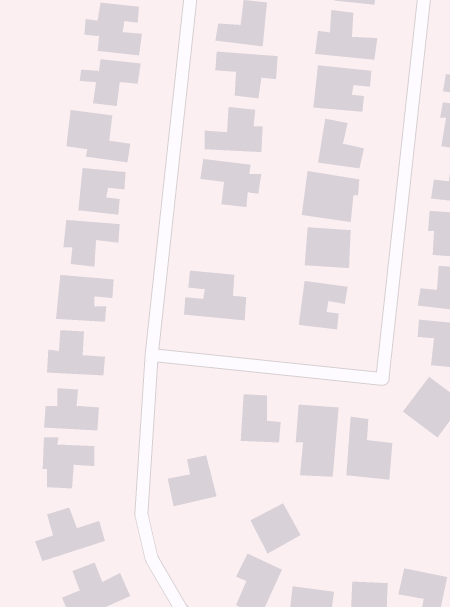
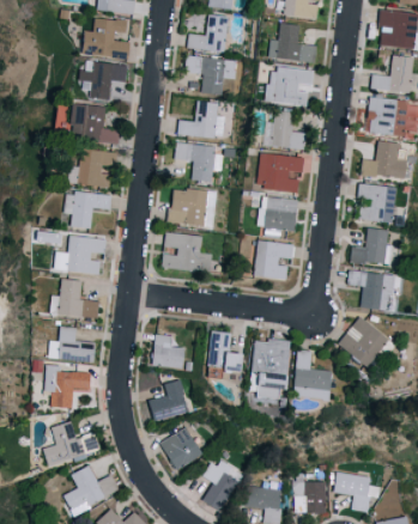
building: none -> [169,187,219,229]
building: none -> [150,334,186,370]
building: [249,502,301,554] -> [160,428,202,470]

